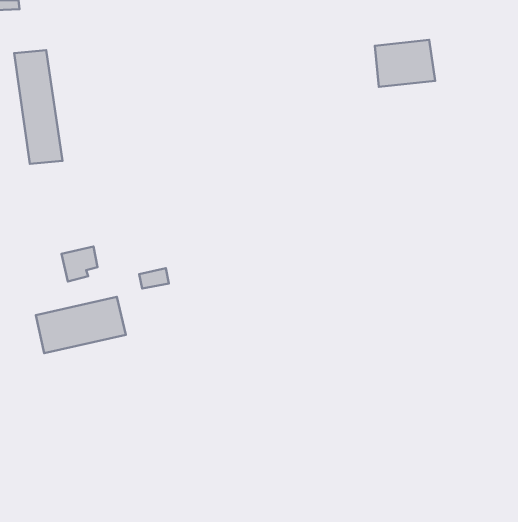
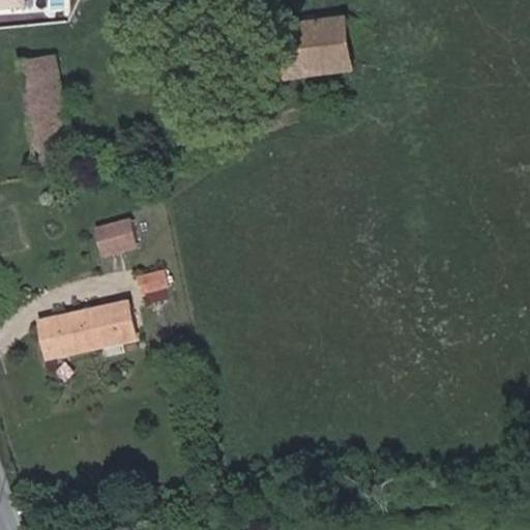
building: [375,40,435,87] -> [296,25,357,72]
building: [62,247,97,281] -> [99,222,136,257]

